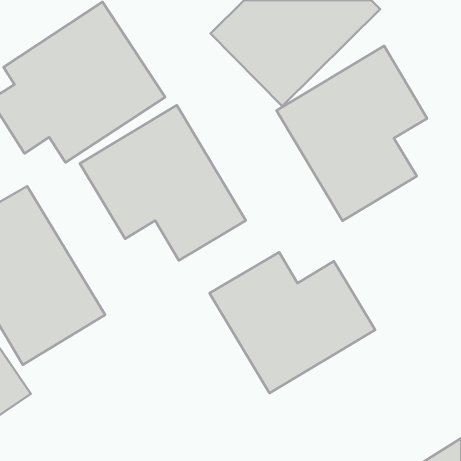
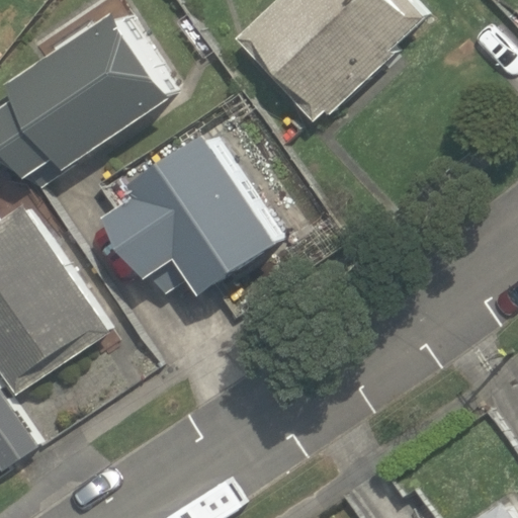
building: [276,46,427,221] -> none
building: [210,252,375,393] -> none

